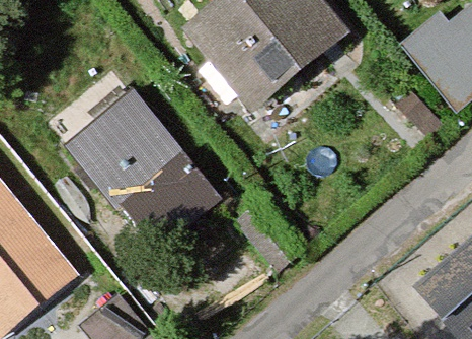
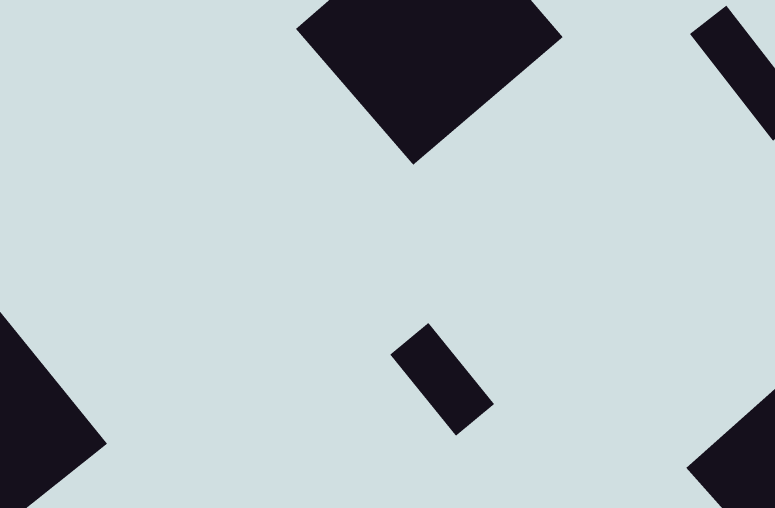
building: [68,90,218,217] -> none

